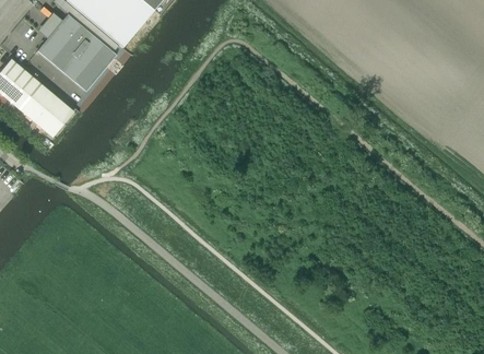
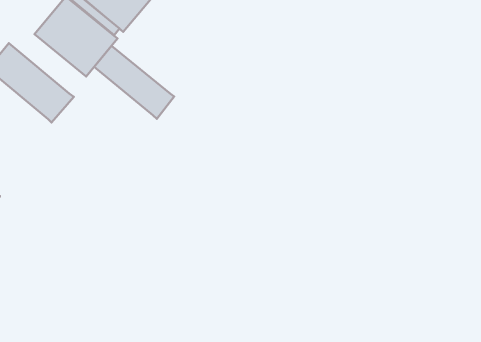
building: none -> [94,46,174,119]

